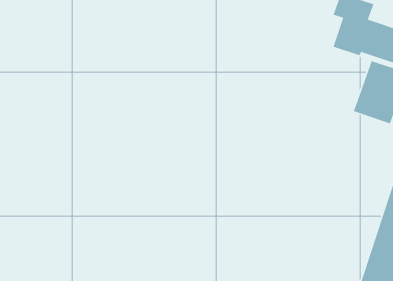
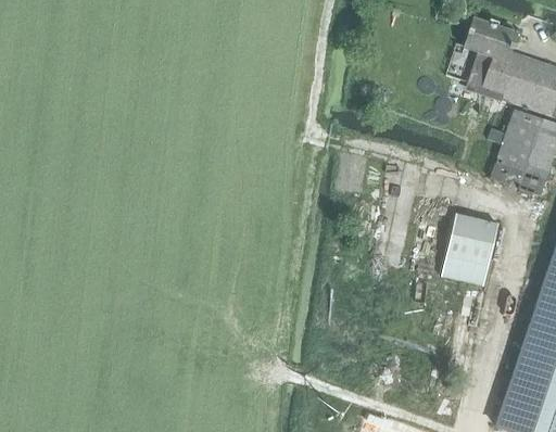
building: none -> [441,212,500,287]

